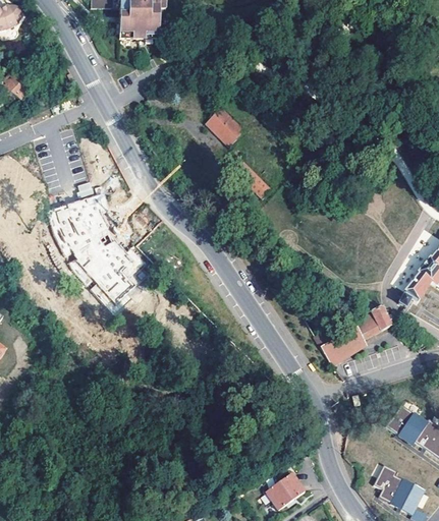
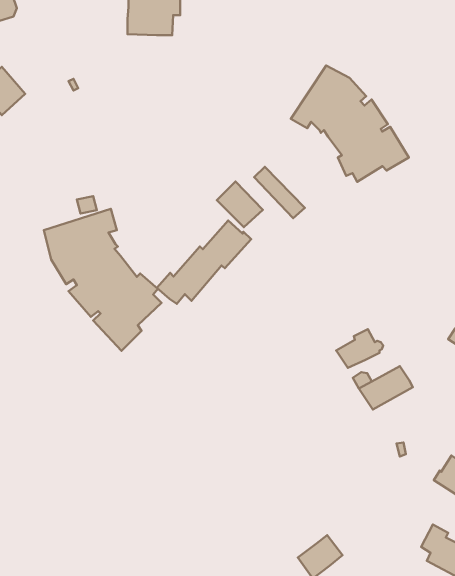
building: none -> [291,66,409,182]
building: [207,106,246,146] -> [217,182,263,227]
building: none -> [157,220,251,304]
building: [353,306,394,340] -> [336,329,383,368]

